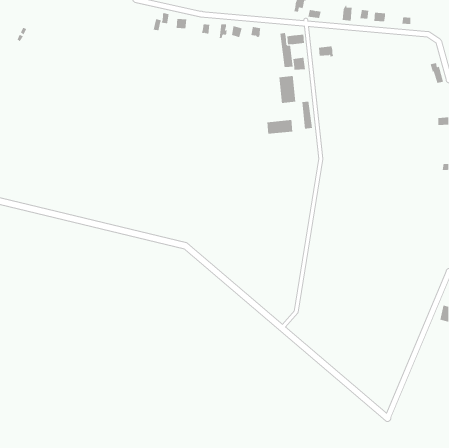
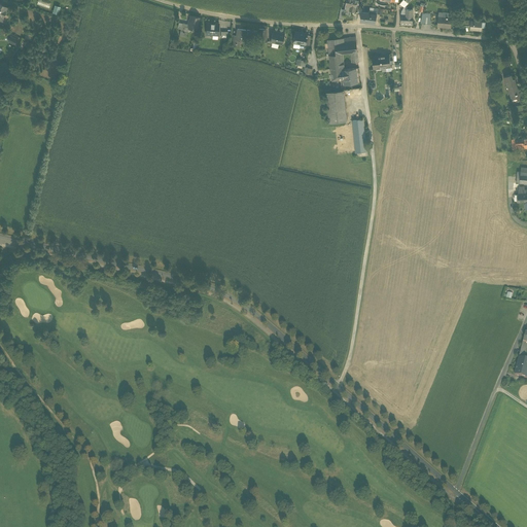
building: [267,119,293,135] -> none

